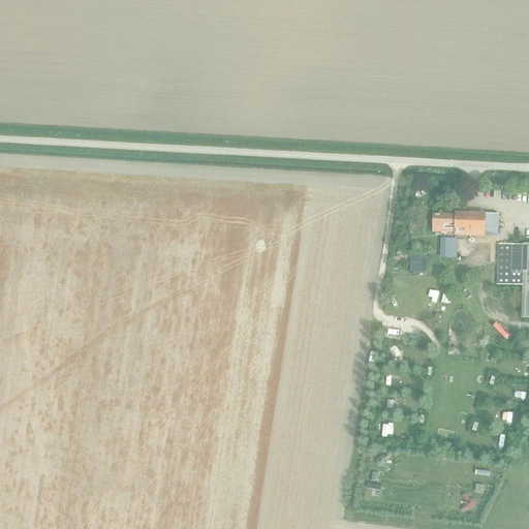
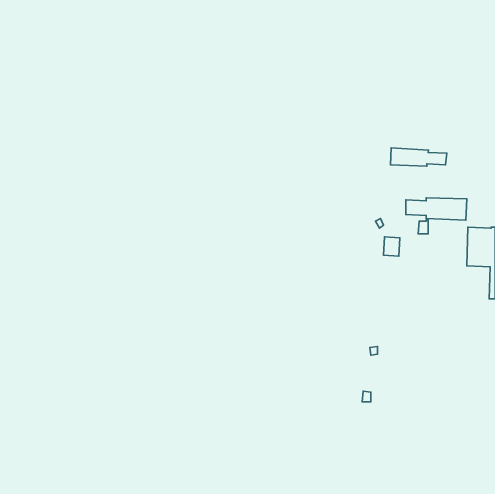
building: none -> [390,148,447,166]

